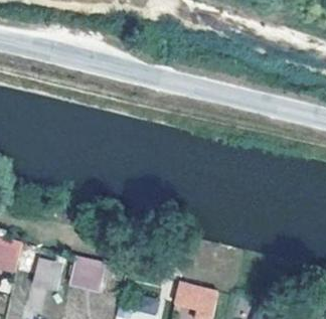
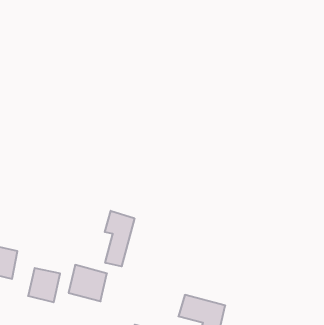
building: none -> [105,211,134,266]

